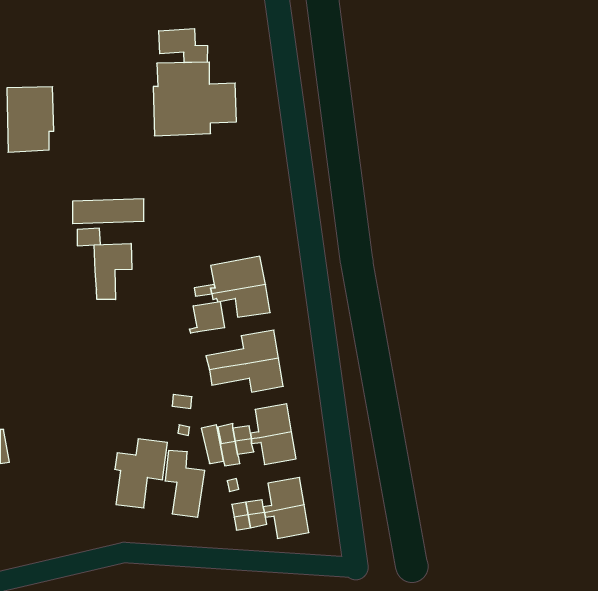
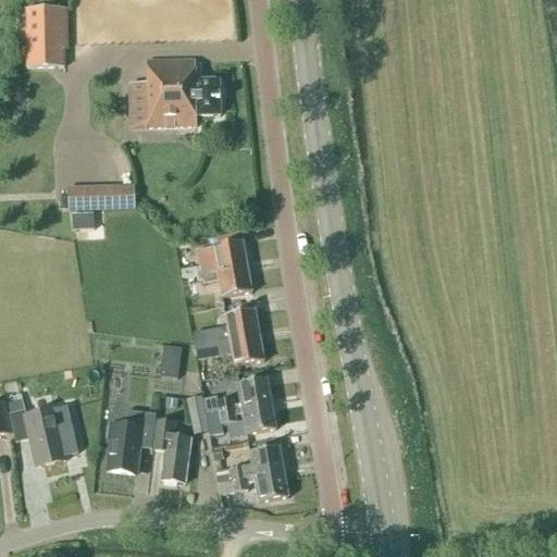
building: [159,29,208,63] -> none
building: [7,87,54,152] -> [25,4,69,65]
building: [94,243,132,300] -> none
building: [189,302,225,333] -> none
building: none -> [7,396,77,465]

